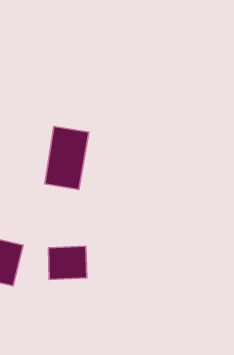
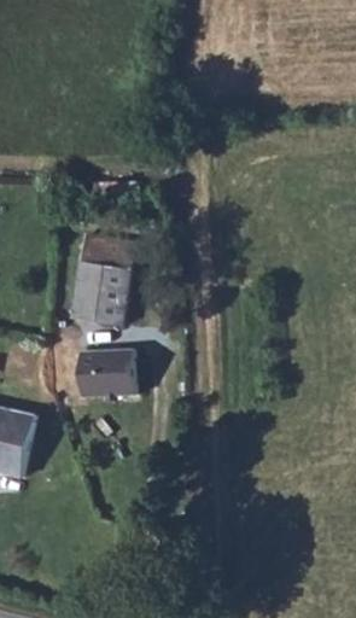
building: [48,246,87,279] -> [81,352,136,401]

